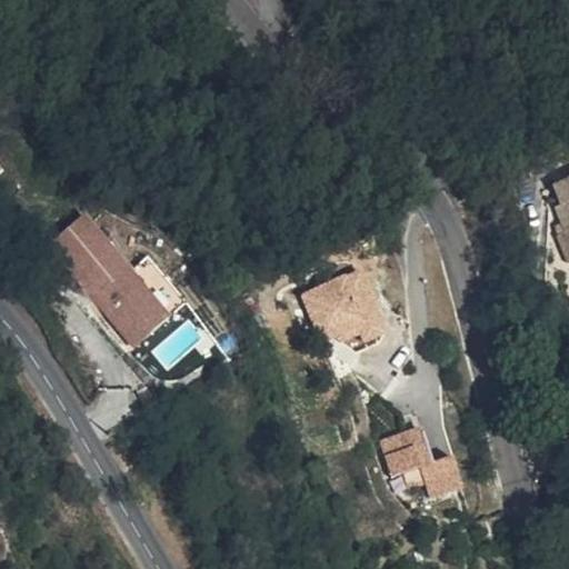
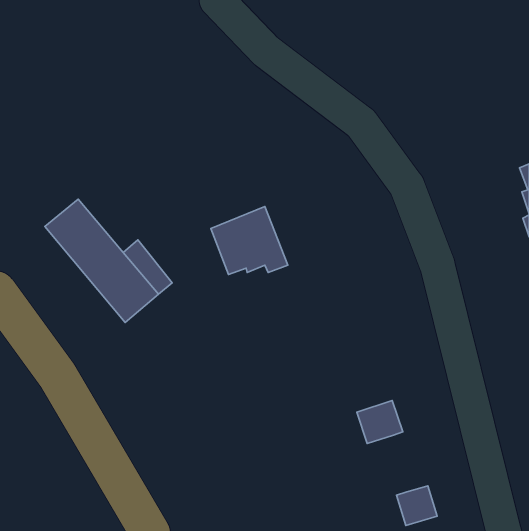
building: [301,271,383,343] -> [211,207,288,274]
building: [419,456,462,498] -> [396,486,437,526]

